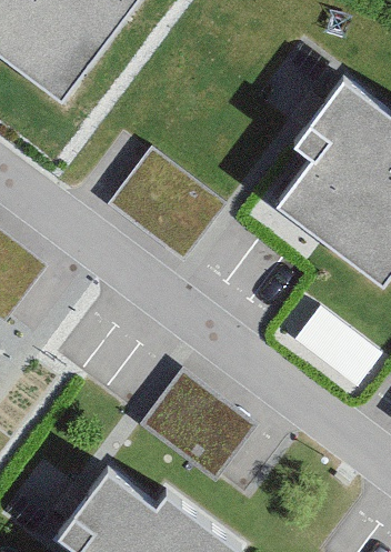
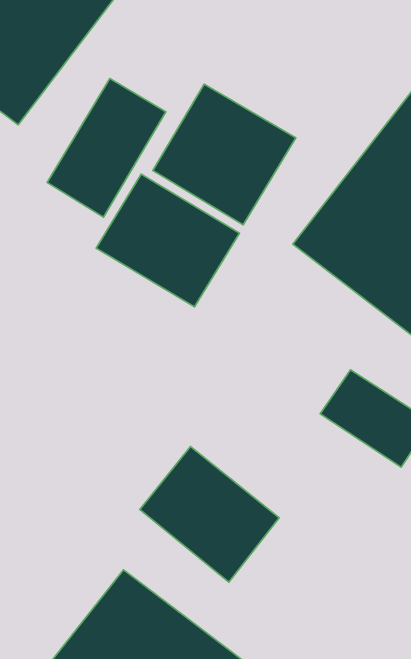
building: none -> [47,78,166,217]
building: none -> [153,84,296,225]

